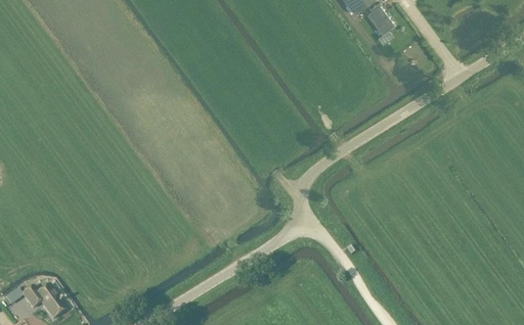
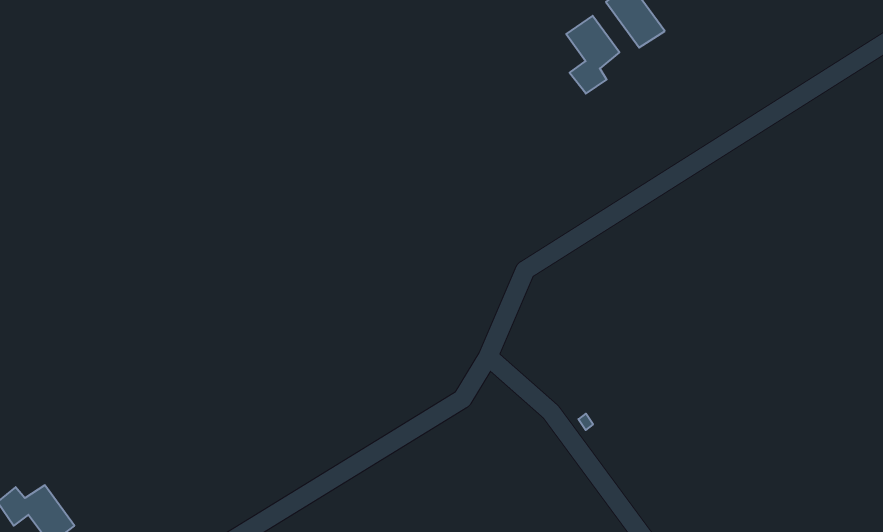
building: none -> [566,16,619,94]

